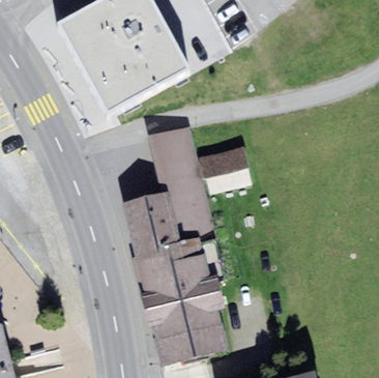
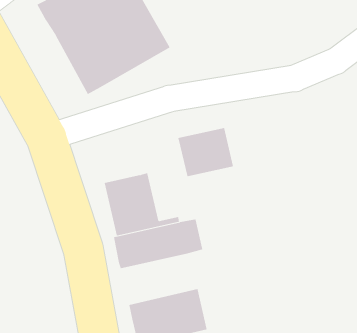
building: [146,124,215,239] -> none
building: [139,269,226,323] -> none

